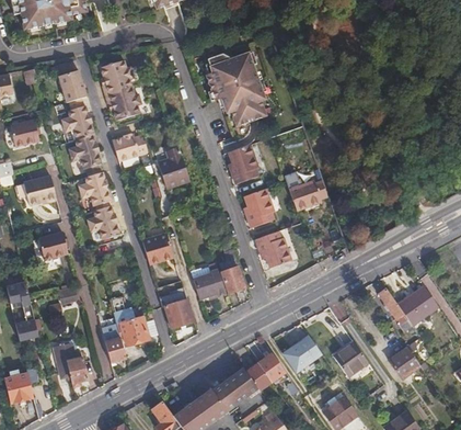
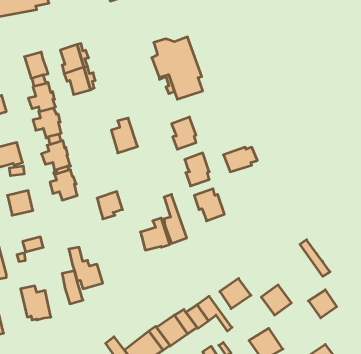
building: [112,133,148,161] -> none
building: [397,286,437,325] -> none
building: [162,287,194,329] -> none

